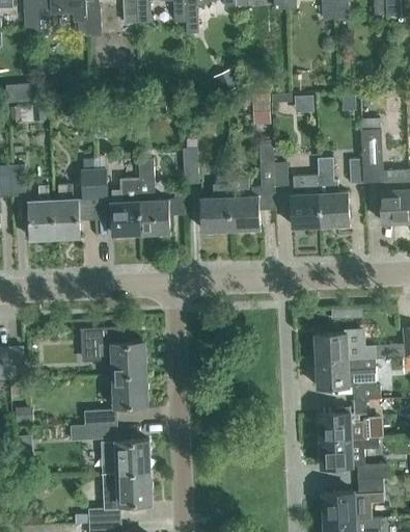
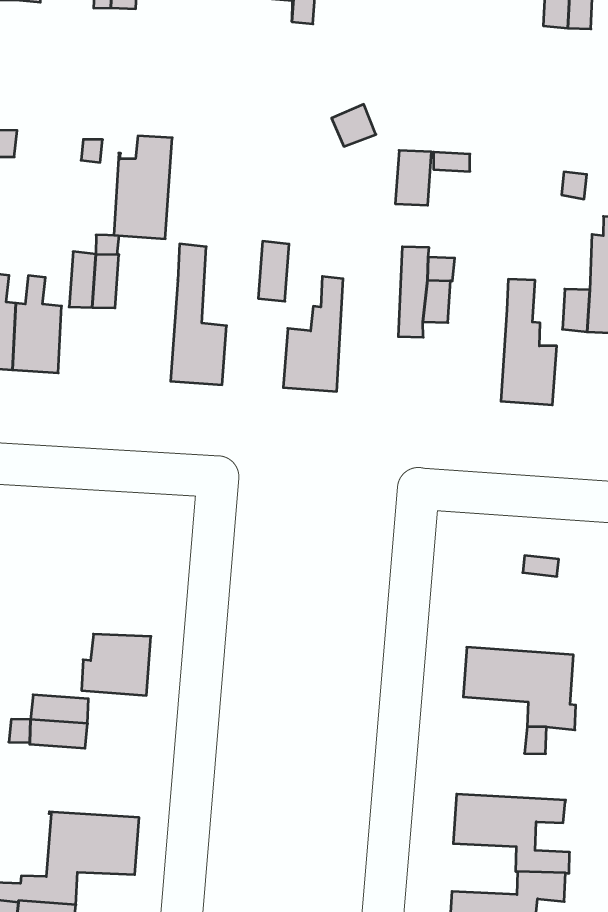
building: [228,168,259,230] -> none
building: [291,176,321,227] -> none
building: [111,179,141,235] -> [114,136,172,239]
building: [82,326,145,375] -> none
building: [315,331,375,361] -> none
building: [319,406,383,441] -> none
building: [102,441,149,474] -> none

